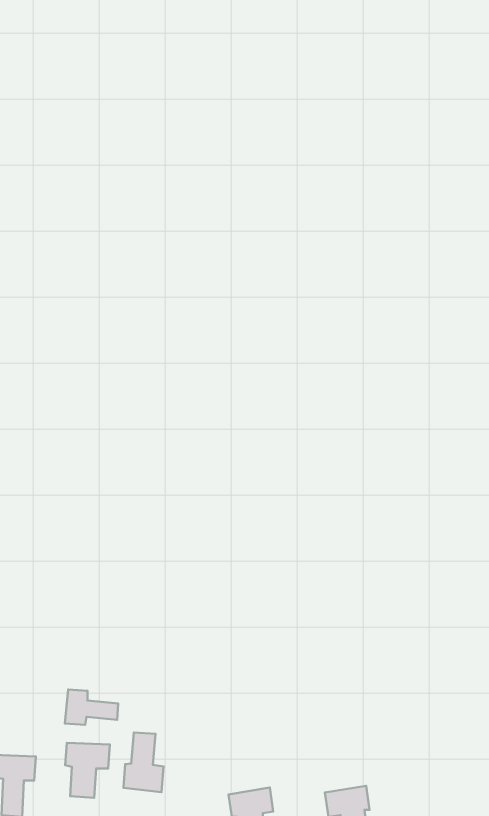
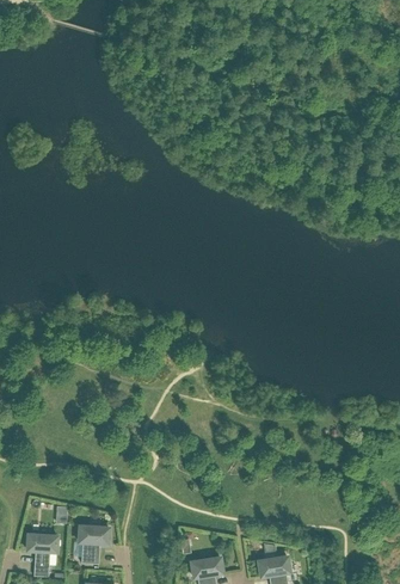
building: [65,690,118,725] -> none
building: [123,732,163,792] -> none

